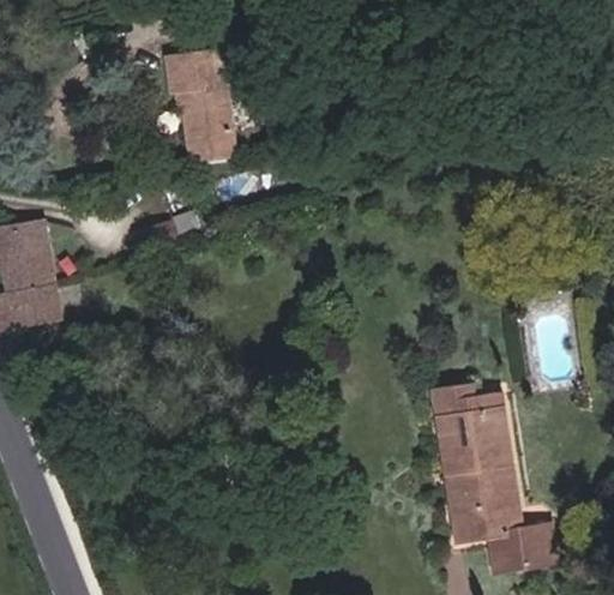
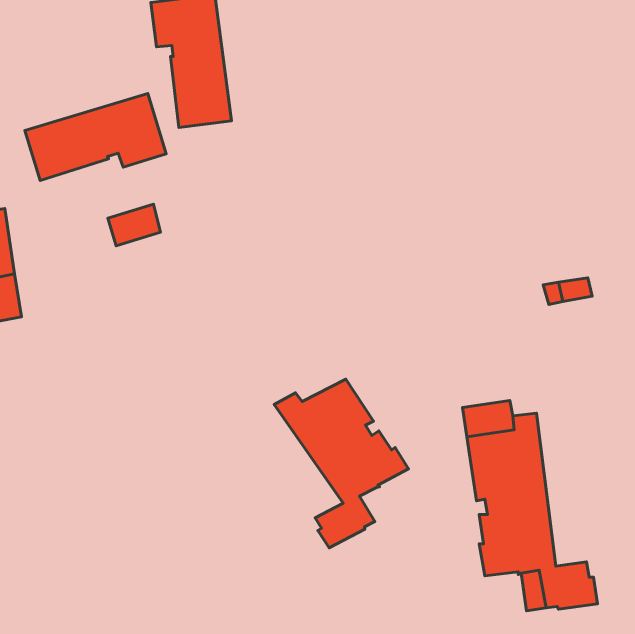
building: none -> [25,93,166,181]
building: none -> [274,379,408,548]

